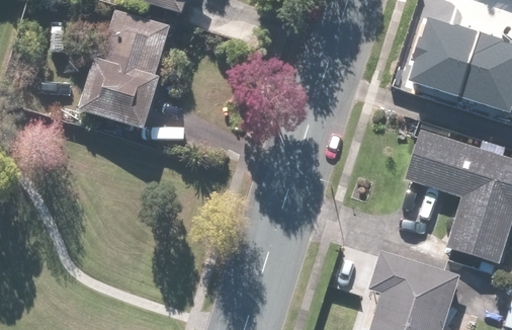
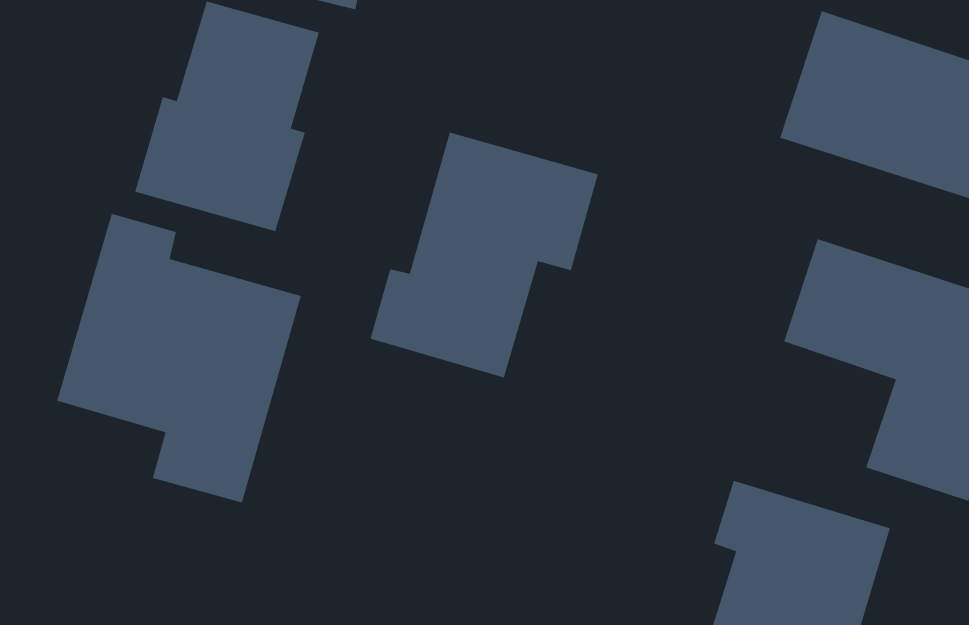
building: none -> [369,131,599,378]
building: none -> [56,213,302,503]

